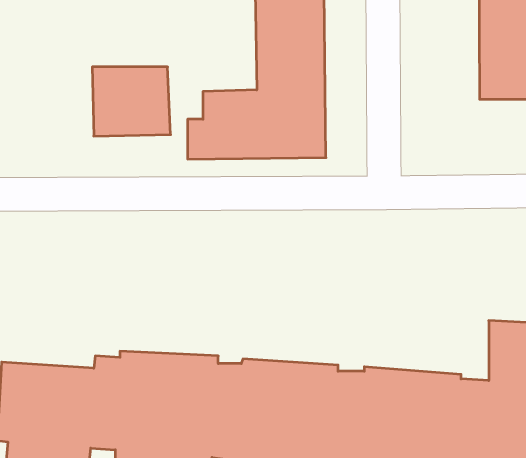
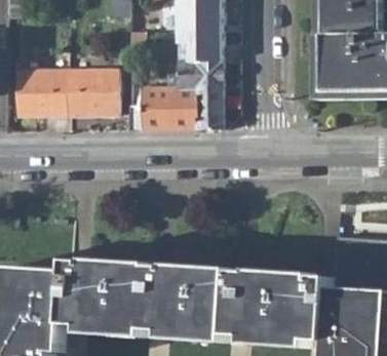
building: none -> [15,70,67,117]

